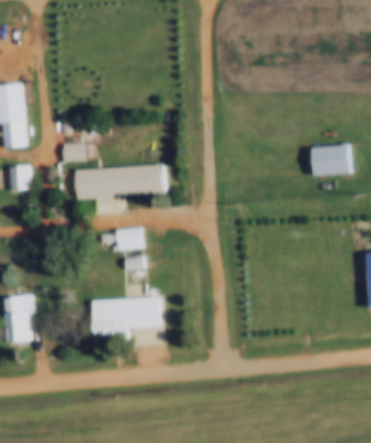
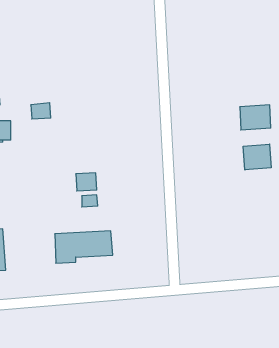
building: [77,165,166,200] -> none
building: none -> [243,144,271,170]

